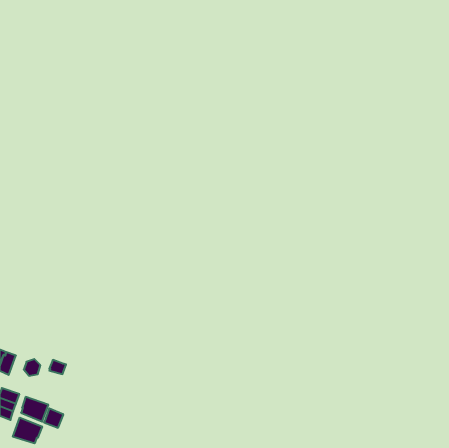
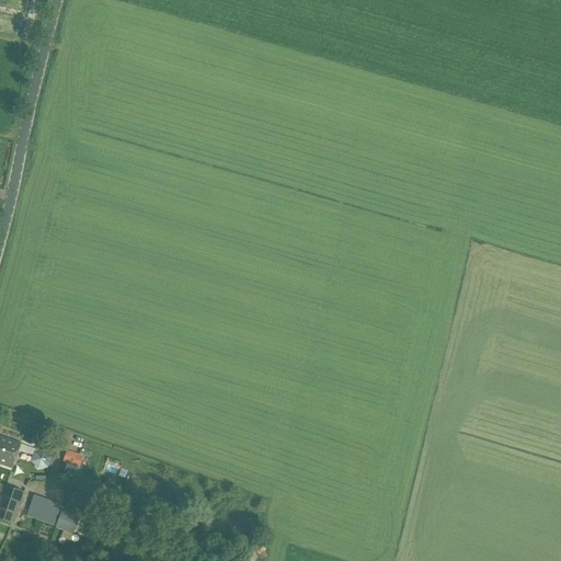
building: [13,418,42,443] -> none

